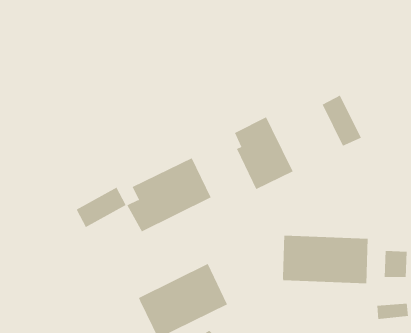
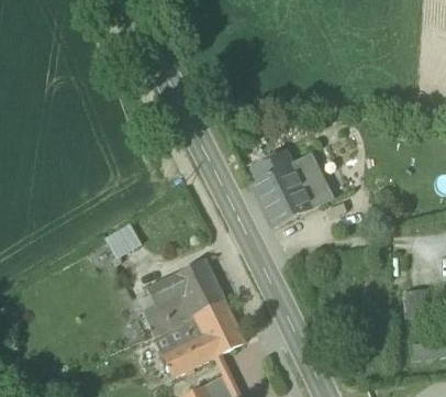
building: [322,95,362,147] -> [291,153,332,206]
building: [126,158,212,232] -> [138,258,225,334]
building: [282,235,368,284] -> none

